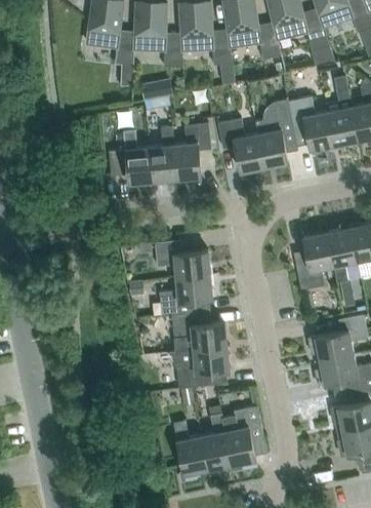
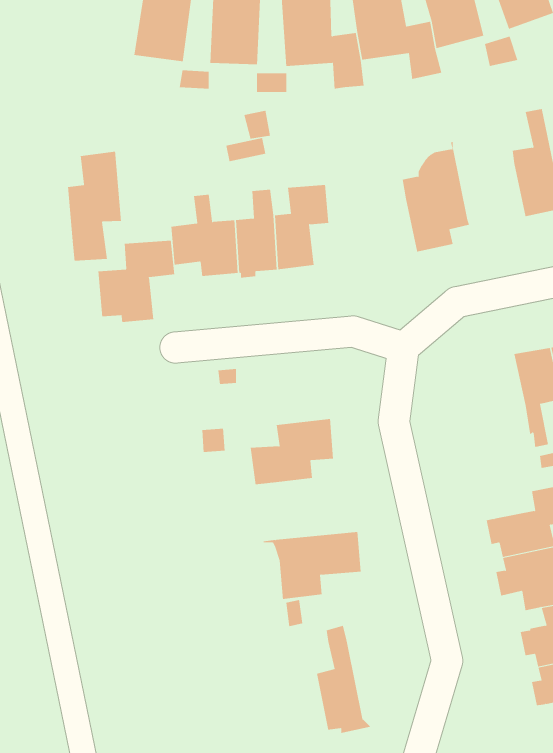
building: [288,97,333,151] -> none
building: none -> [68,151,121,262]
building: [217,120,264,173] -> none
building: none -> [98,240,175,323]
building: [293,233,333,290] -> none
building: [155,240,210,278] -> none
building: [172,311,228,351] -> none
building: [221,406,263,471] -> none
building: [172,421,209,481] -> none

